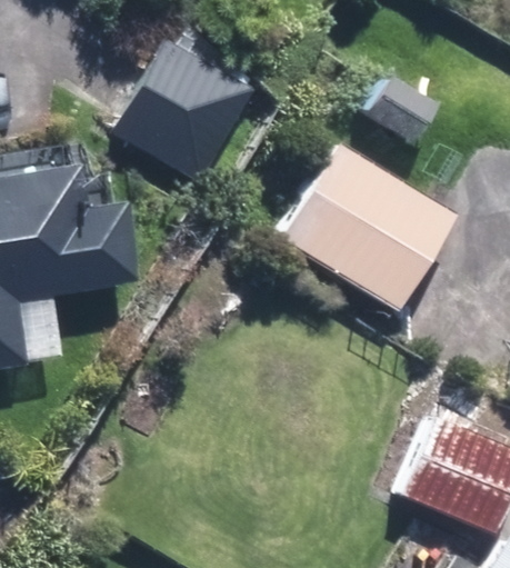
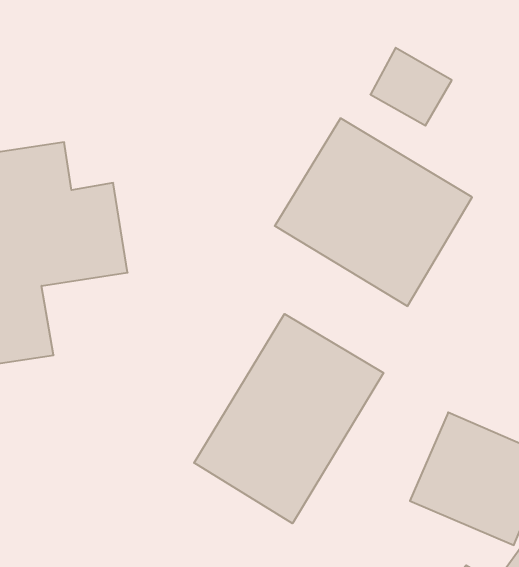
building: [111,41,253,181] -> none
building: none -> [194,314,383,523]

